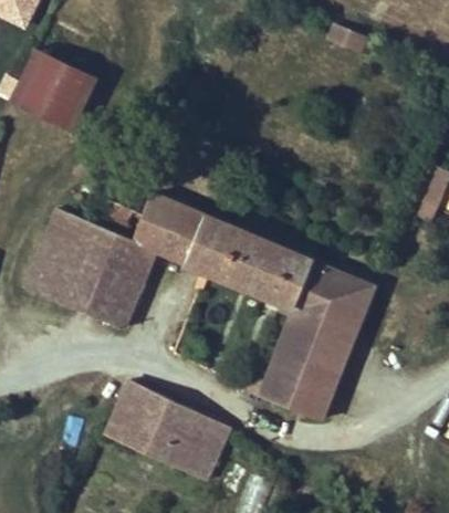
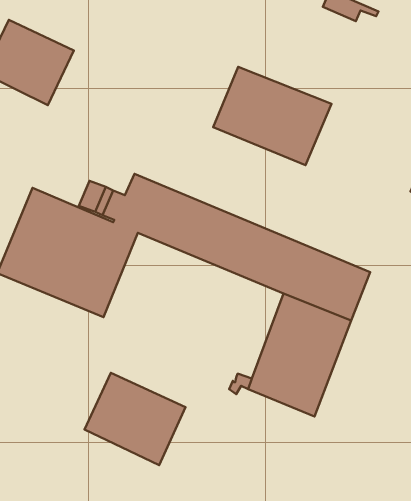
building: none -> [213,67,332,165]
building: [177,412,232,481] -> none

